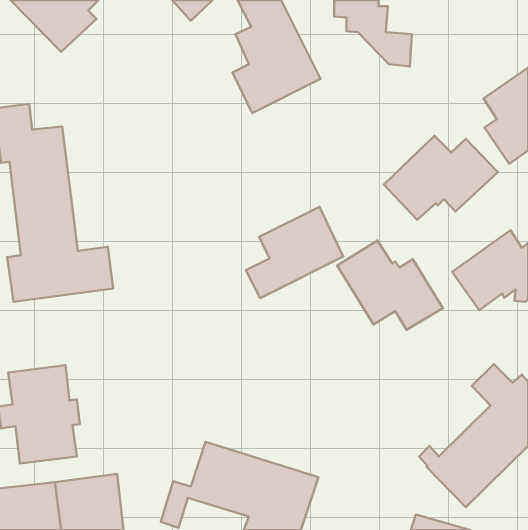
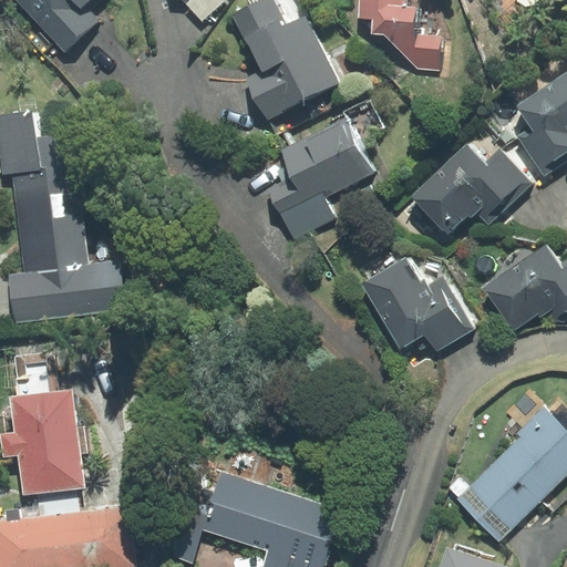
building: [246,207,343,298] -> [270,120,374,217]

